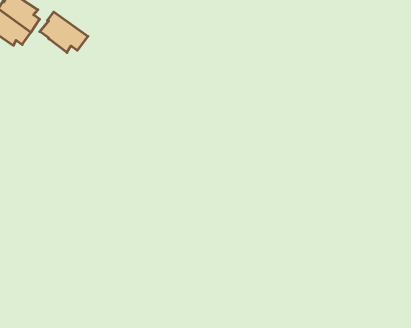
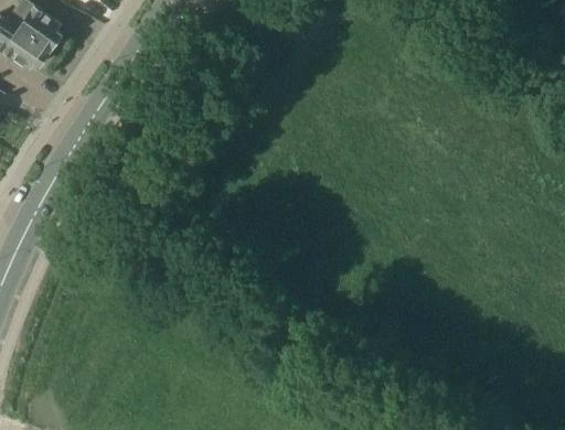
building: [40,12,88,53] -> none

